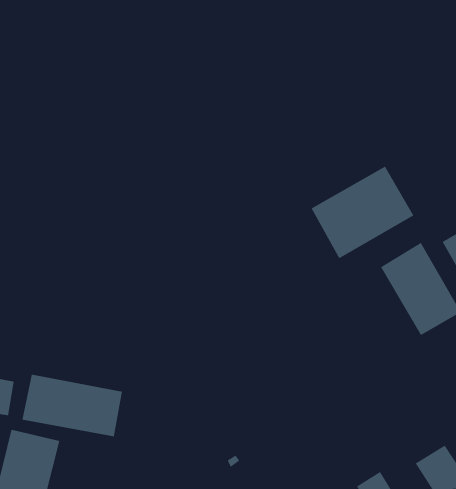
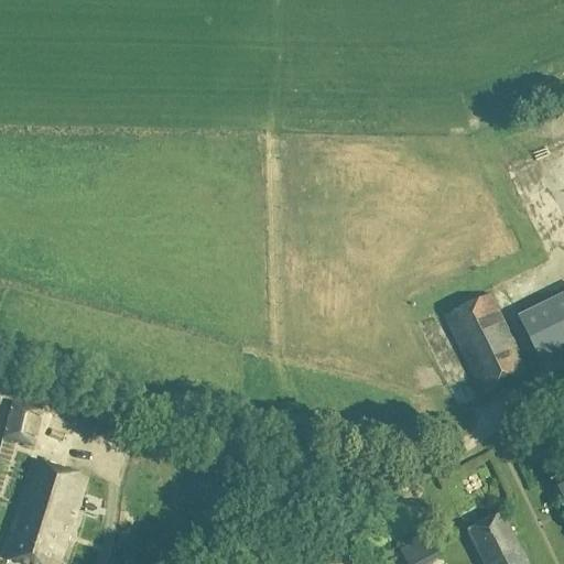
building: [311,166,414,259] -> none
building: [22,374,123,437] -> none

